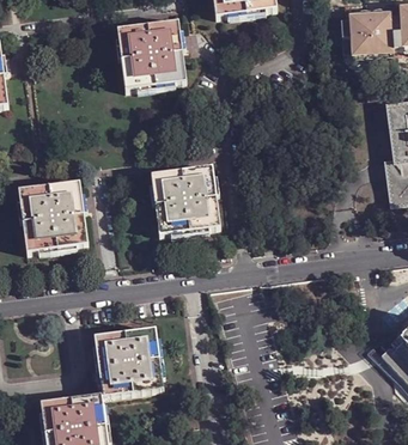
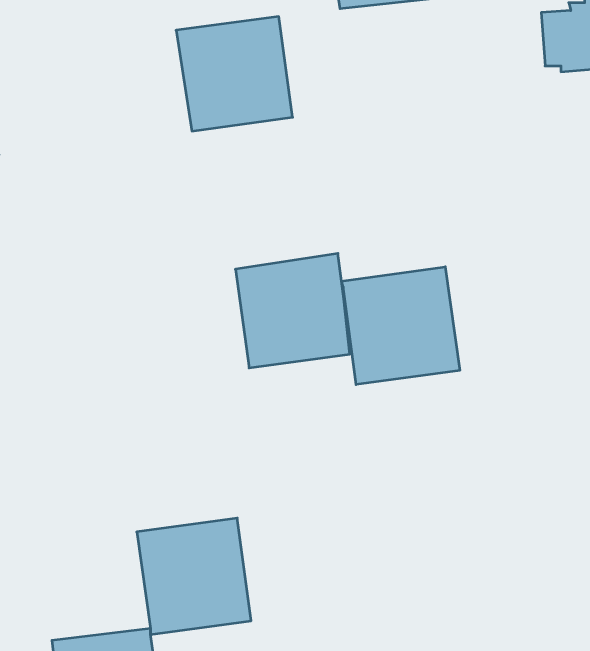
building: none -> [342,267,460,385]
building: [20,181,89,252] -> none

